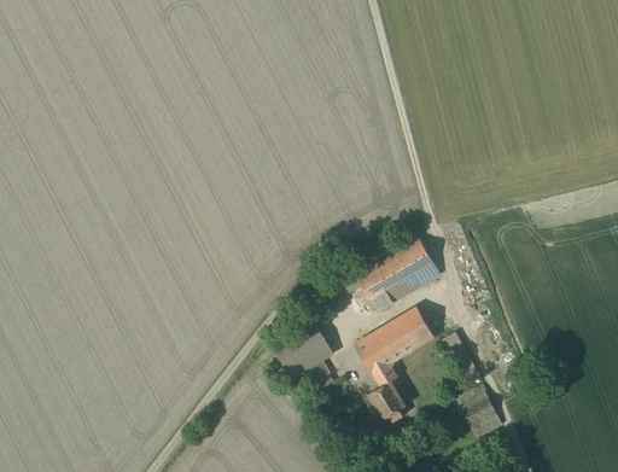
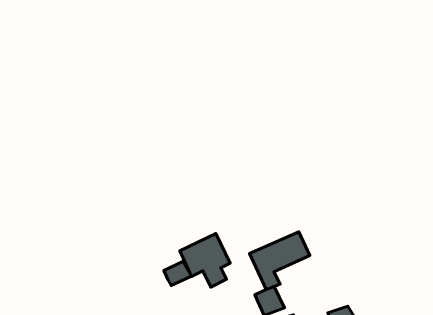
building: [352,234,438,313] -> none
building: none -> [164,261,192,286]

